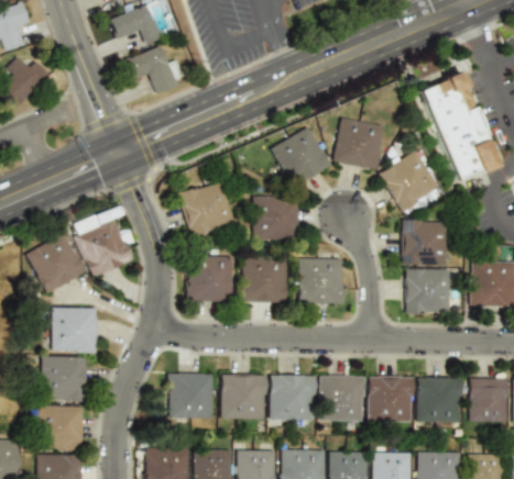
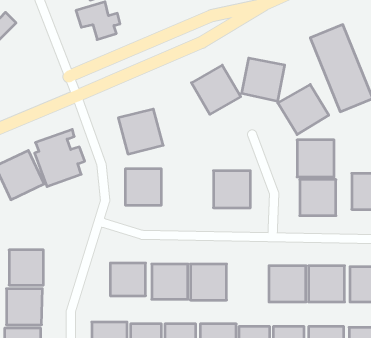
building: [251,196,297,241] -> none
building: [241,256,286,303] -> none
building: [52,308,97,353] -> none
building: [318,376,363,422] -> none

